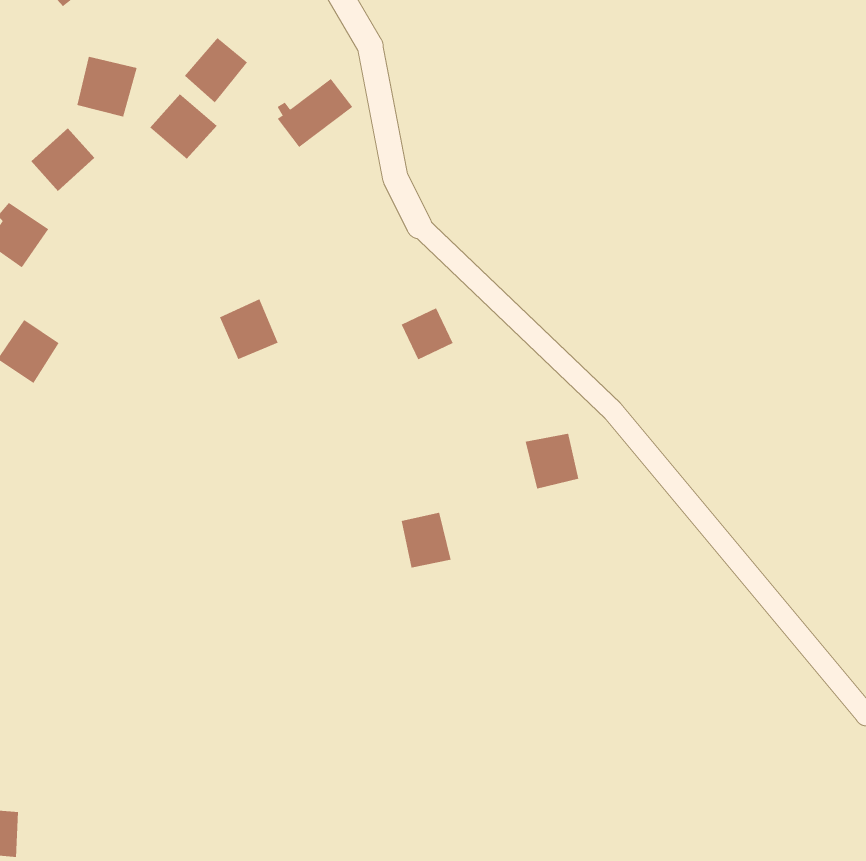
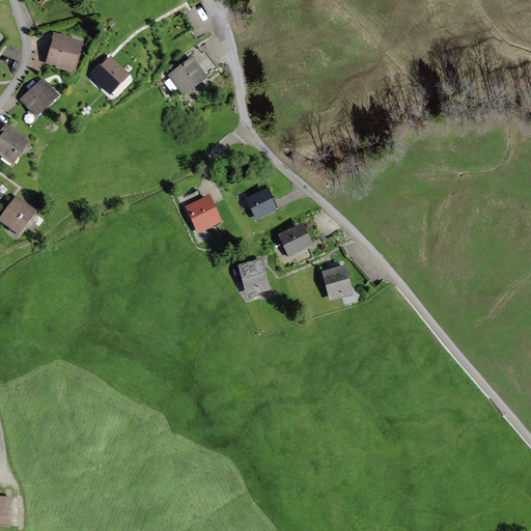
building: [184,37,248,103] -> none
building: [219,299,279,360] -> [185,194,221,231]
building: none -> [279,225,307,252]
building: [401,512,452,568] -> [237,259,269,294]

